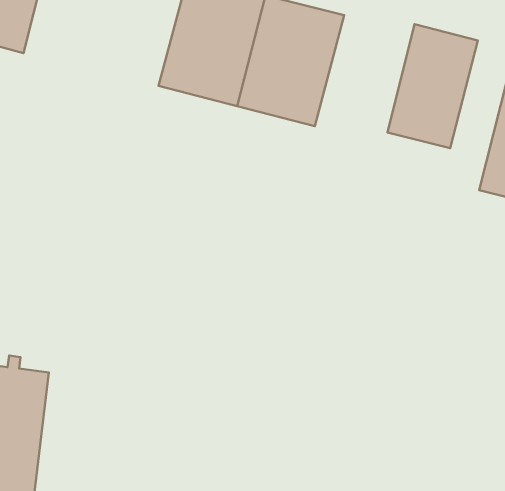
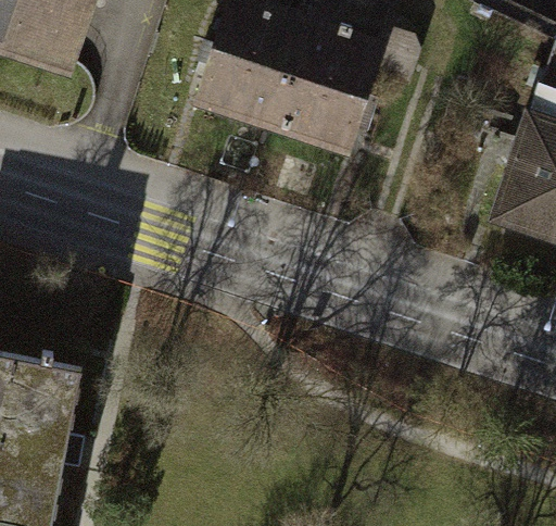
building: [388,24,478,148] -> none

